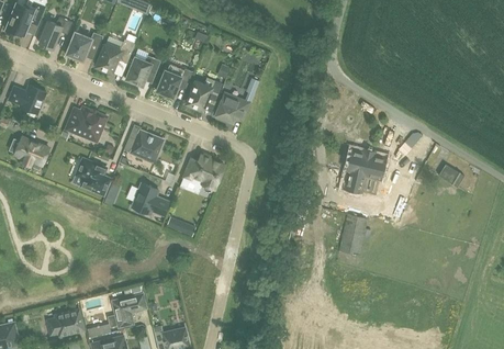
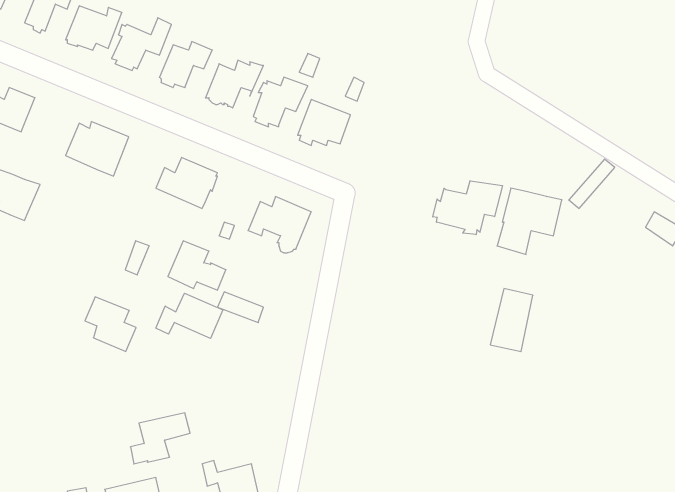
building: none -> [433,181,502,235]
building: [76,159,109,194] -> [85,297,136,351]
building: none -> [156,293,223,338]
building: [46,309,82,335] -> none

